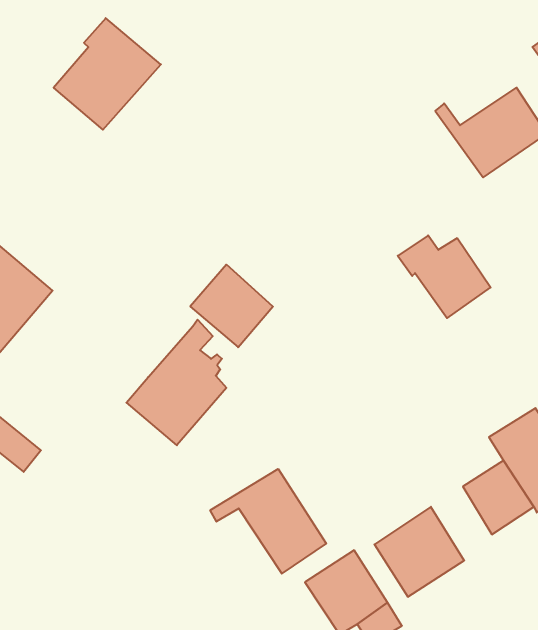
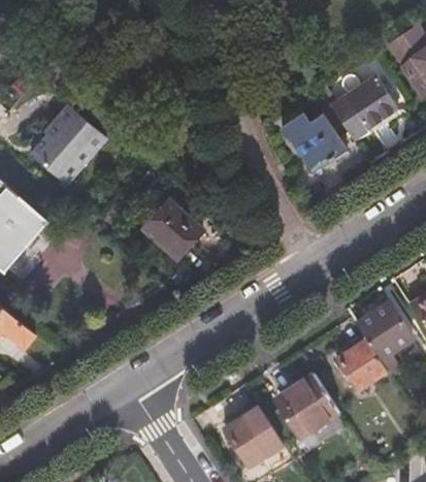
building: [54,18,161,130] -> [28,105,104,185]
building: [398,235,491,318] -> [278,111,345,170]
building: [126,320,226,445] -> none
building: [210,469,326,574] -> none

